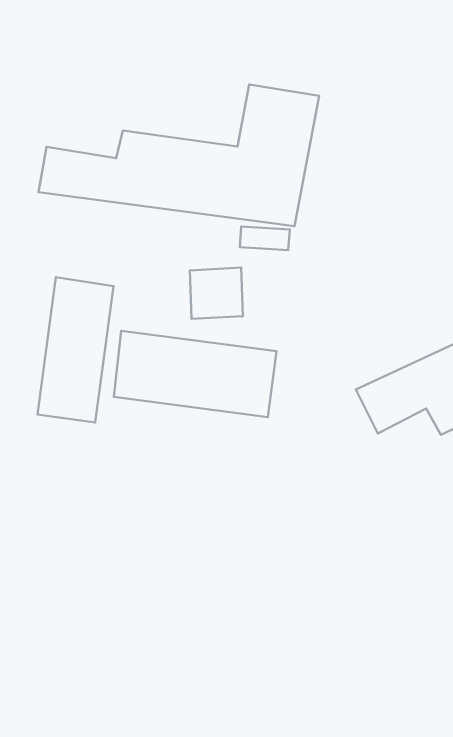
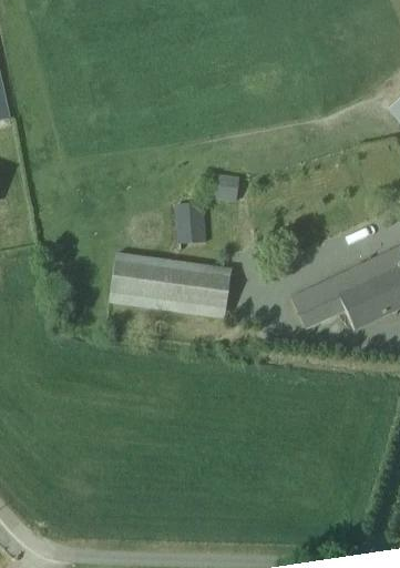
building: [39,84,319,226] -> none
building: [37,277,113,422] -> none

